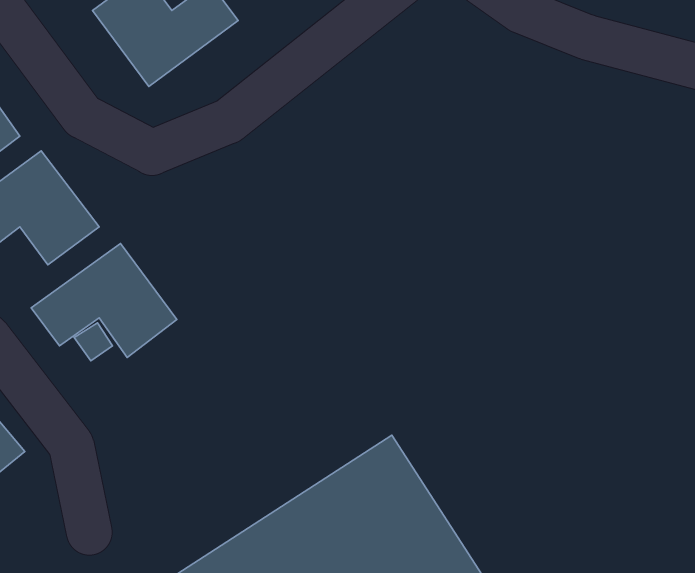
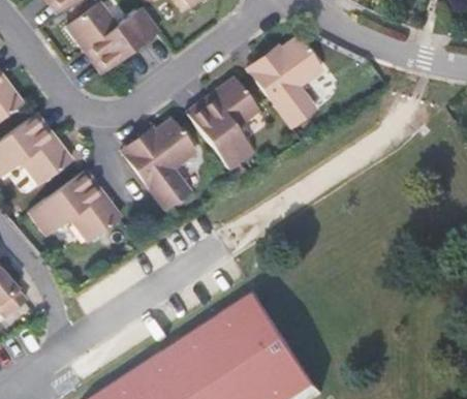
building: none -> [250,35,320,126]
building: none -> [186,75,258,168]
building: none -> [124,117,195,209]

